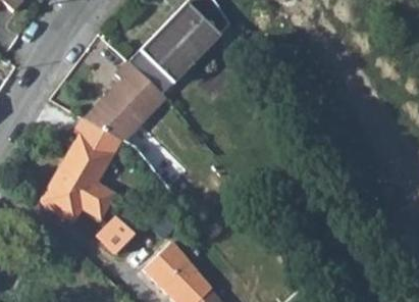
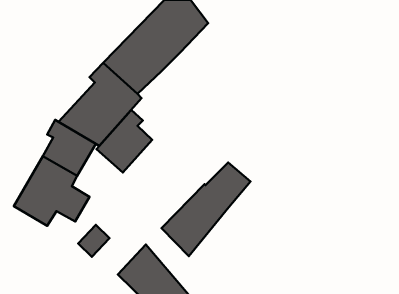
building: none -> [96,110,152,172]
building: none -> [162,163,250,256]

